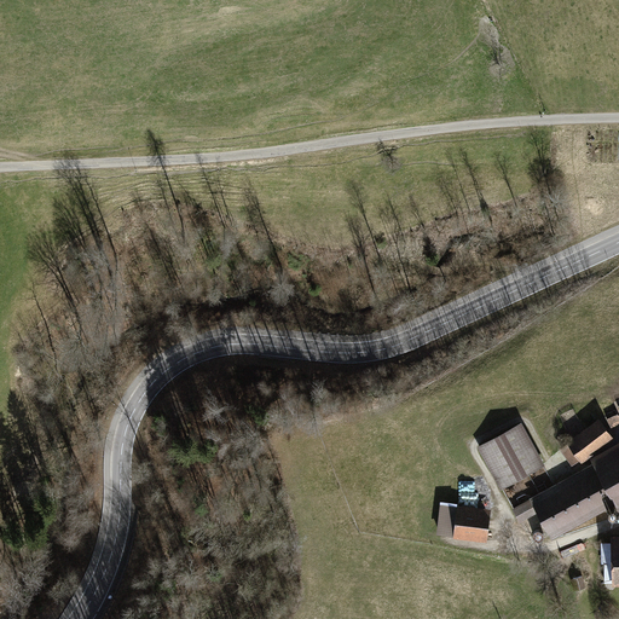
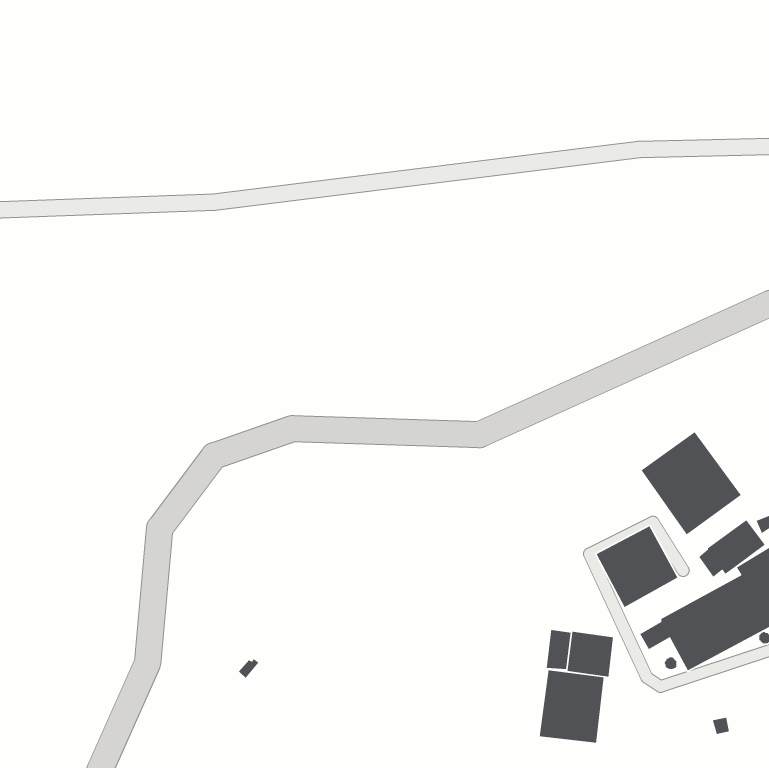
building: none -> [640,431,742,536]
building: none -> [539,669,604,743]

